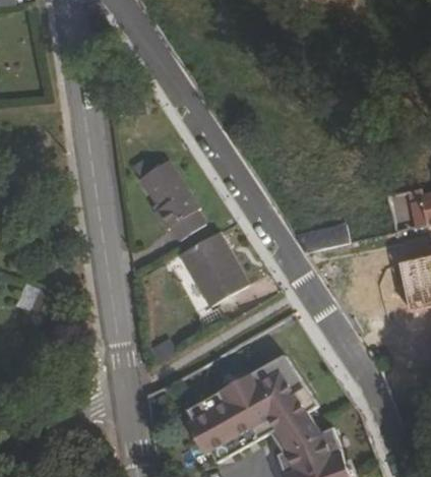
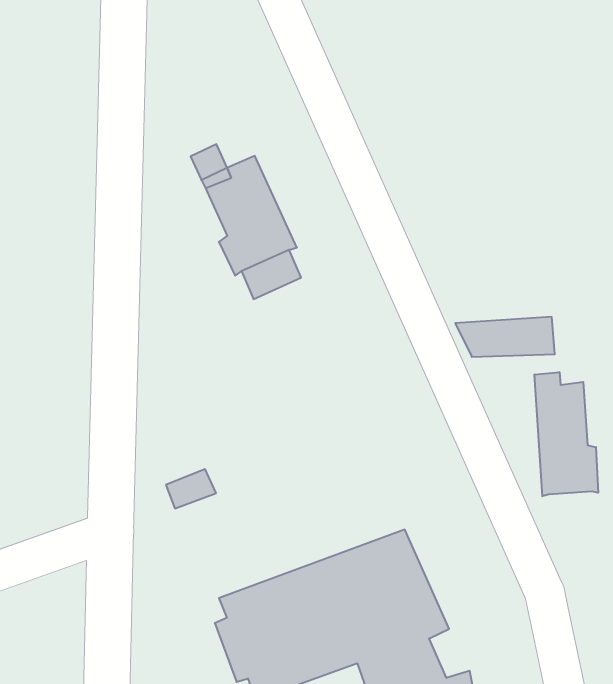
building: [180,231,247,306] -> none
building: none -> [535,372,598,496]

